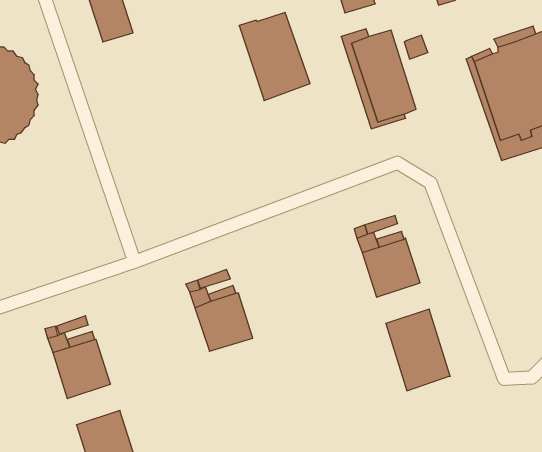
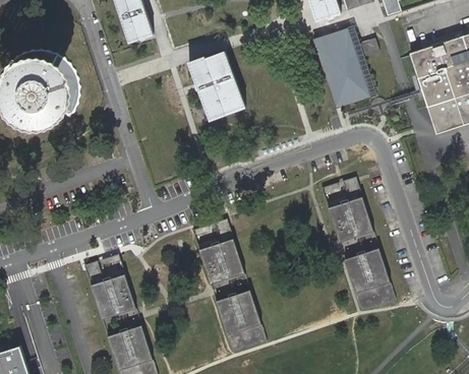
building: [239,12,310,101] -> [188,54,243,122]
building: none -> [217,293,268,355]

